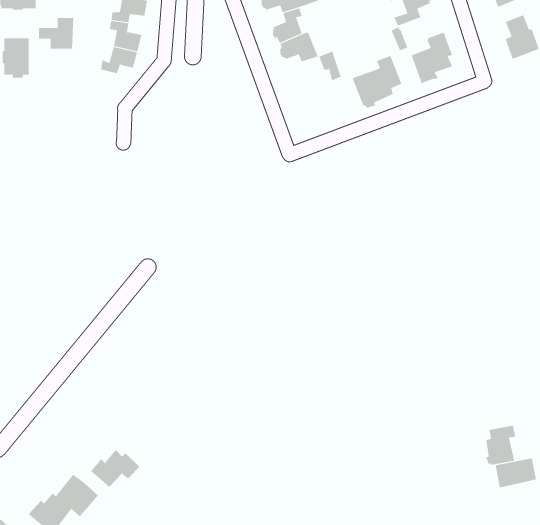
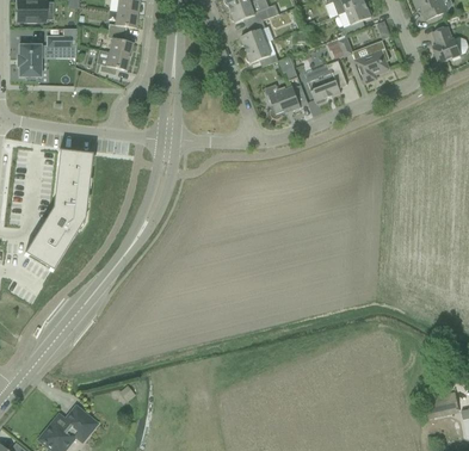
building: none -> [270,86,302,119]
building: none -> [25,152,92,271]
building: [486,425,516,466] -> none
building: [90,449,140,488] -> none

